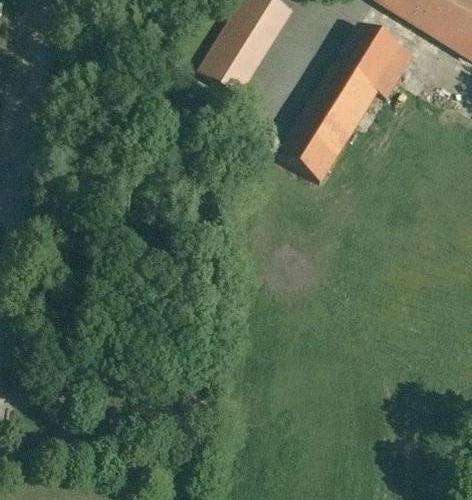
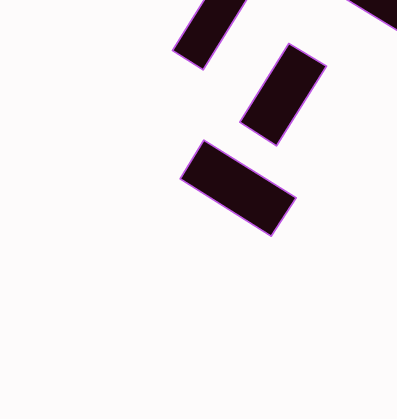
building: [334,22,412,96] -> none
building: none -> [180,140,296,236]

